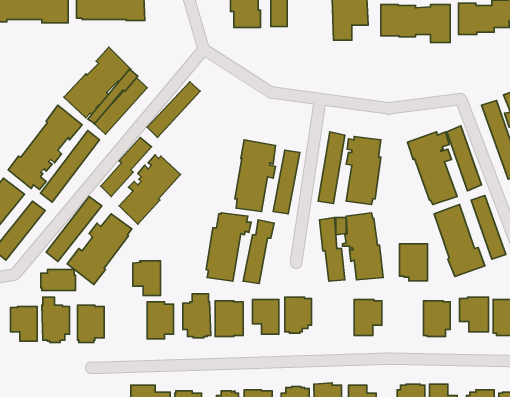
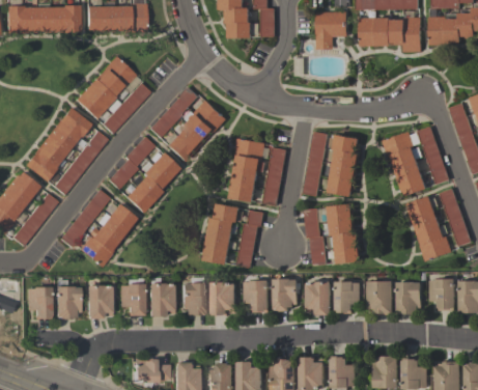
building: none -> [165,100,225,161]
building: [400,244,427,281] -> [367,281,392,314]
building: [133,261,161,296] -> [118,284,143,315]
building: [41,270,75,291] -> none
building: none -> [305,277,329,315]

